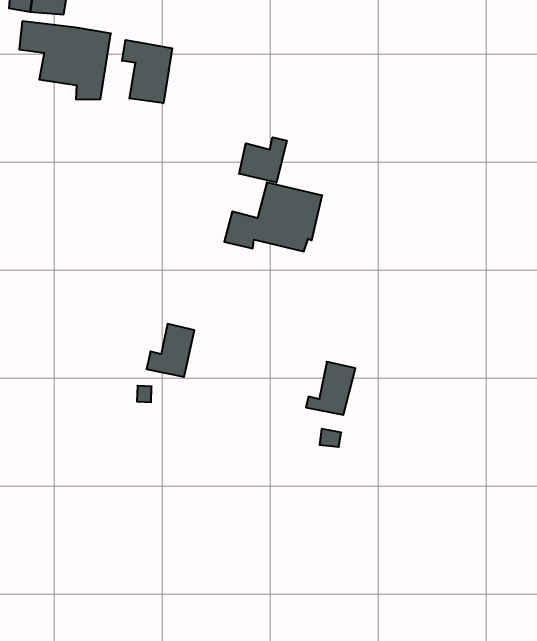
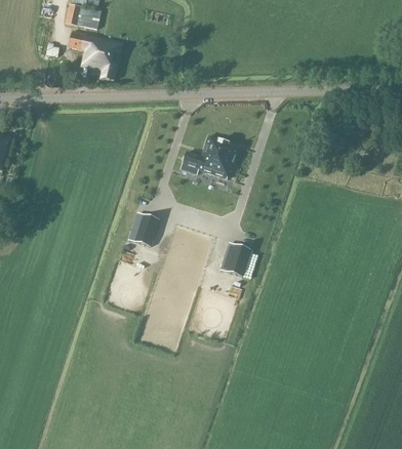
building: [122,40,172,103] -> none
building: [239,137,287,183] -> none

